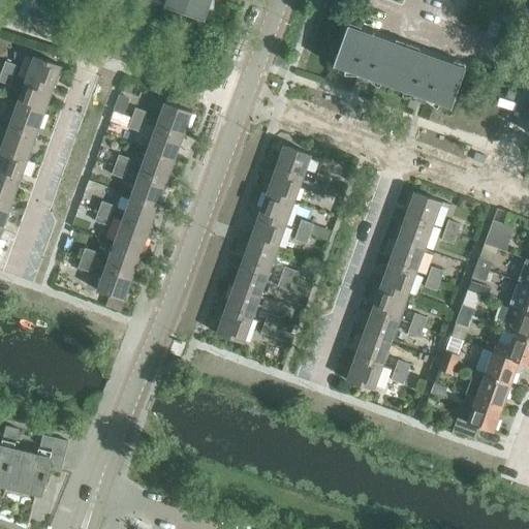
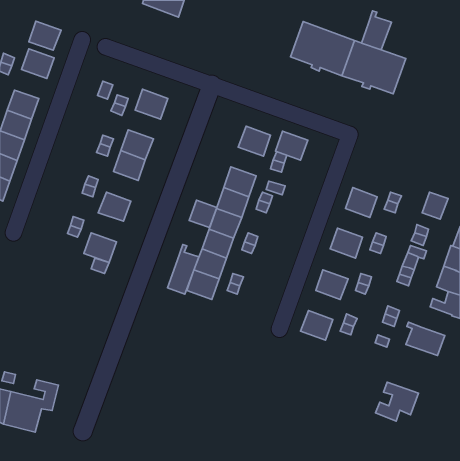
building: none -> [362,11,391,50]
building: [17,80,54,113] -> [29,21,61,50]
building: [147,126,184,159] -> none
building: [264,168,302,201] -> [275,131,308,160]
building: [404,191,440,225] -> none
building: [122,196,158,230] -> none
building: none -> [189,200,217,228]
building: [386,239,424,272] -> none
building: [104,244,142,277] -> none
building: none -> [167,244,199,294]
building: [370,285,407,319] -> none
building: [353,333,390,366] -> none
building: [484,351,518,384] -> none
building: [452,395,501,439] -> [375,382,419,421]

